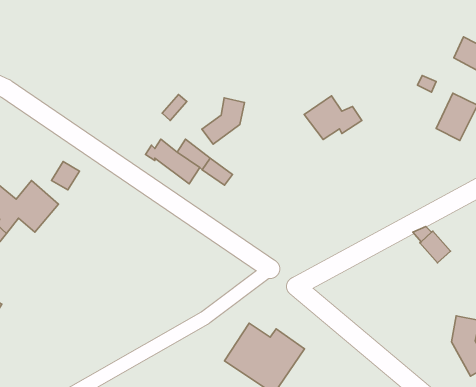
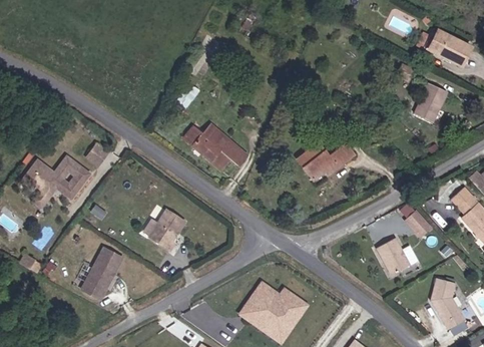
building: [304,96,362,139] -> [294,141,343,179]
building: [202,98,245,144] -> none
building: none -> [145,216,183,257]
building: none -> [373,229,408,268]
building: none -> [77,253,118,304]

